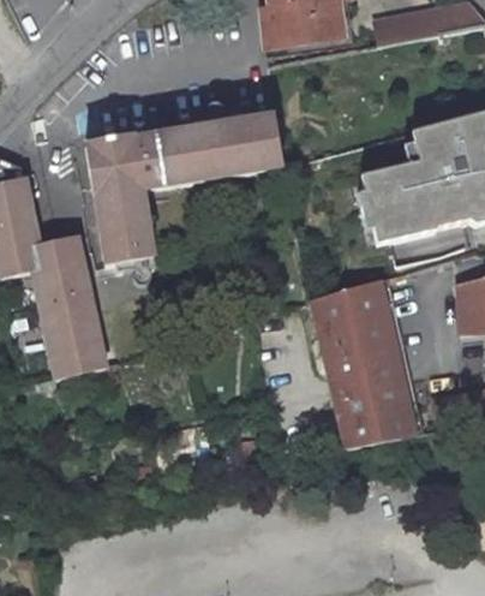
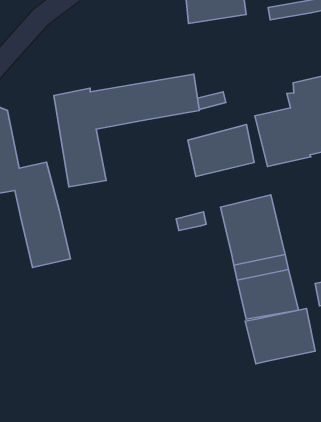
building: none -> [188,124,254,176]
building: none -> [245,309,315,364]

